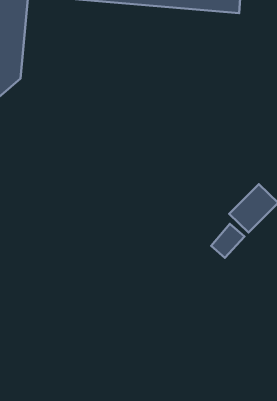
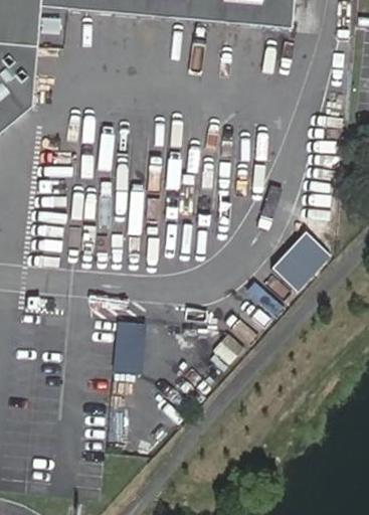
building: none -> [115,318,147,369]

